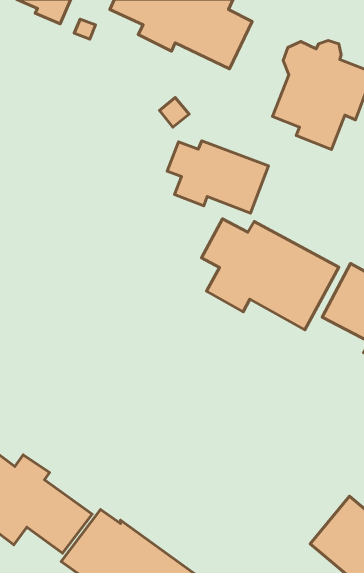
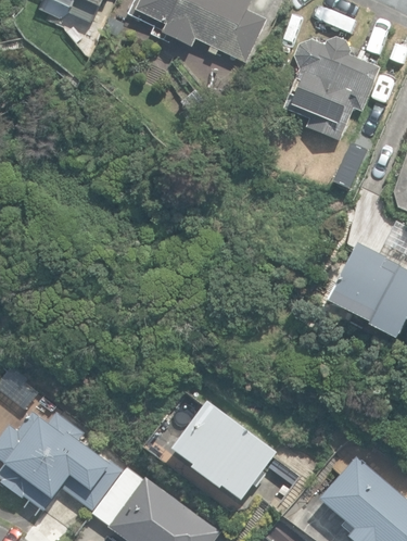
building: [167,141,269,213] -> none
building: [201,219,339,330] -> none
building: none -> [171,401,277,501]

